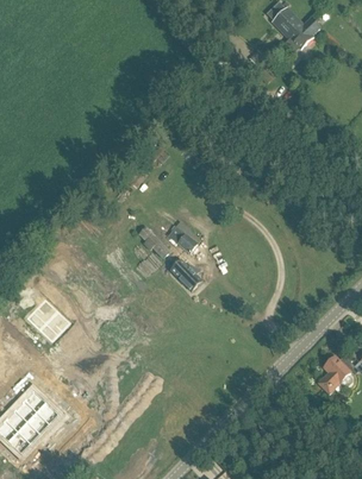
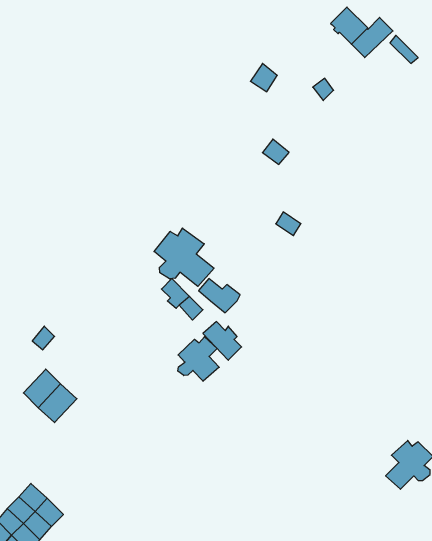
building: none -> [154,228,214,286]
building: none -> [178,337,219,381]

